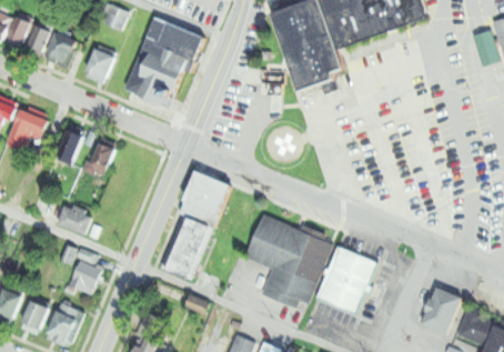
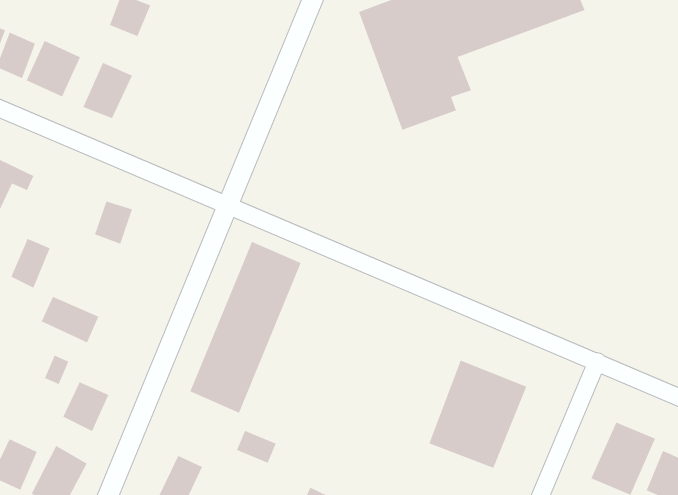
building: [122,17,198,108] -> none
building: [58,128,84,161] -> [10,238,51,288]
building: [246,215,332,311] -> none

